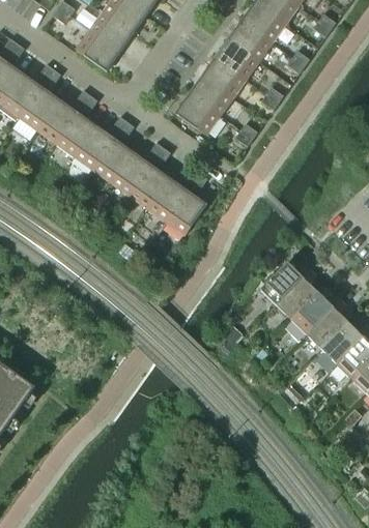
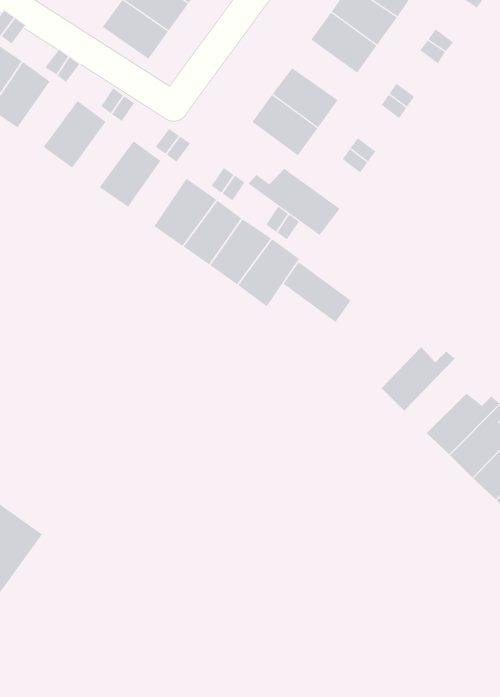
building: [201,58,245,98] -> none
building: [19,86,58,129] -> none
building: [55,113,95,156] -> none
building: [92,139,131,182] -> none
building: none -> [248,168,341,236]
building: none -> [283,261,352,323]
building: [276,270,317,320] -> none

